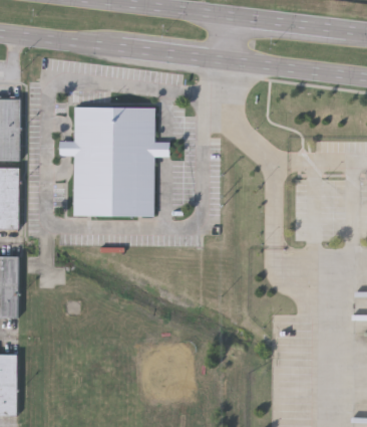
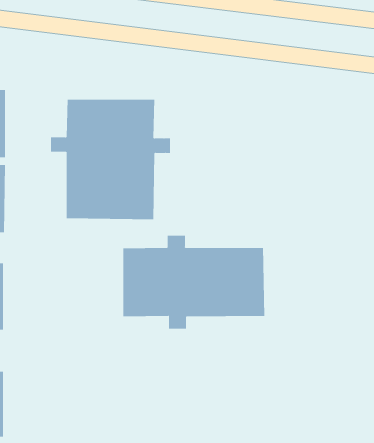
building: none -> [123,235,265,329]

